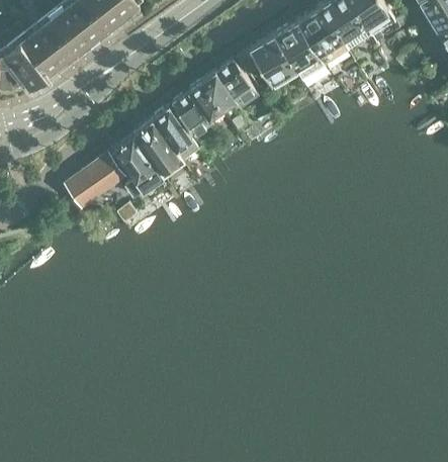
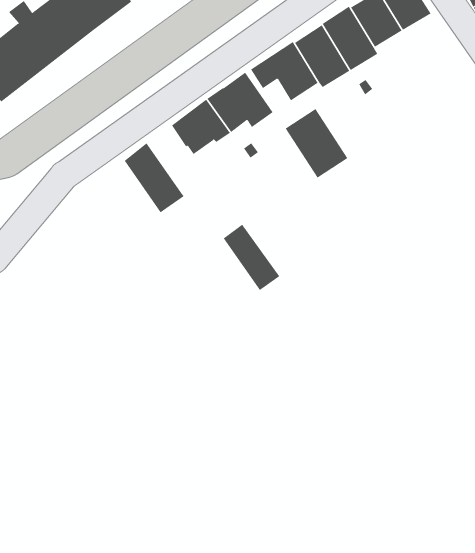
building: none -> [285,108,348,178]
building: [151,108,198,164] -> [223,224,280,291]
building: [110,135,162,200] -> none
building: [63,156,122,209] -> none

